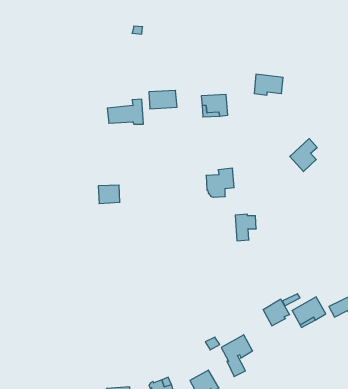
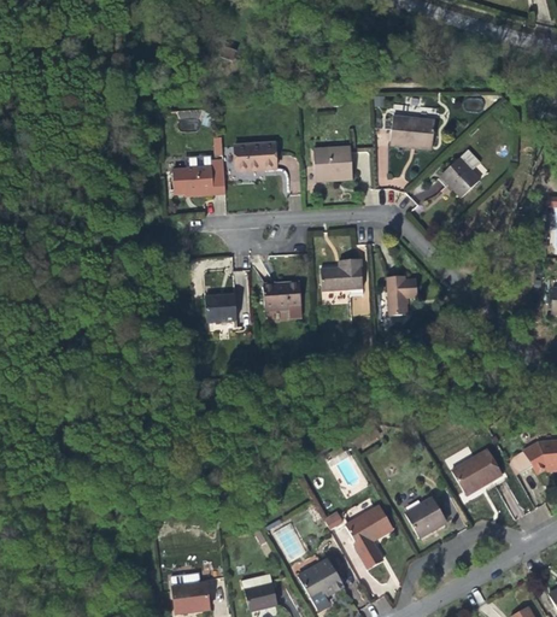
building: [290,139,317,172] -> [442,149,483,199]
building: none -> [264,278,303,317]
building: [98,185,120,204] -> [204,294,236,322]
building: [235,214,256,241] -> [389,276,421,316]
building: [263,299,290,326] -> [404,498,444,537]

